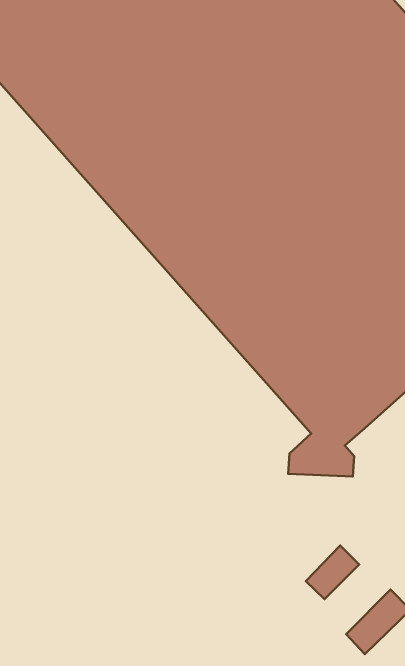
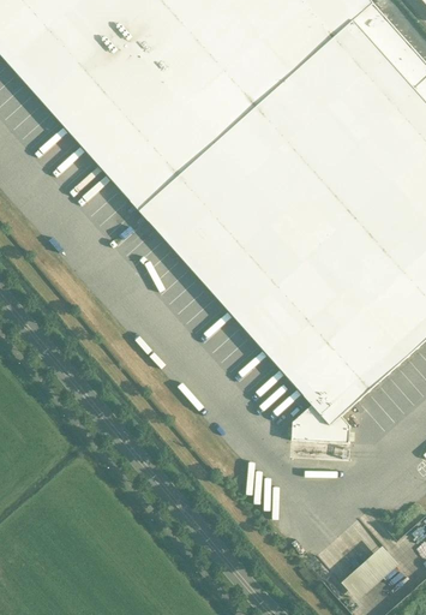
building: [306,545,359,599] -> none

